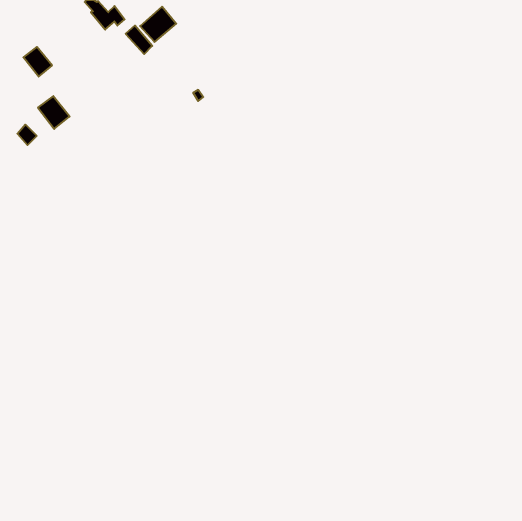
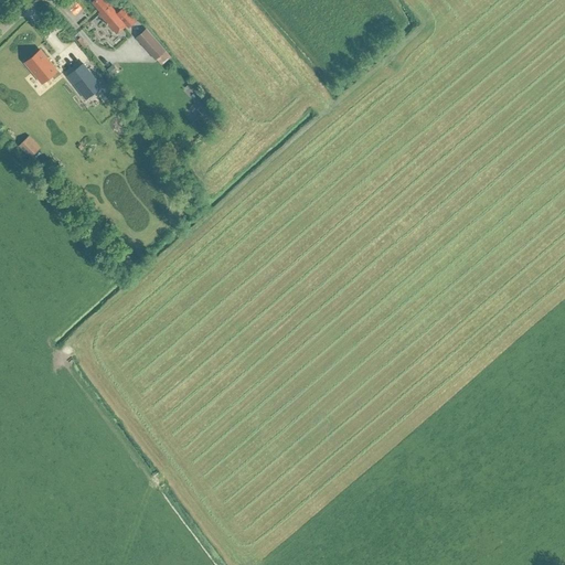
building: [140,7,176,42] -> none
building: [38,96,70,129] -> [66,63,100,98]

